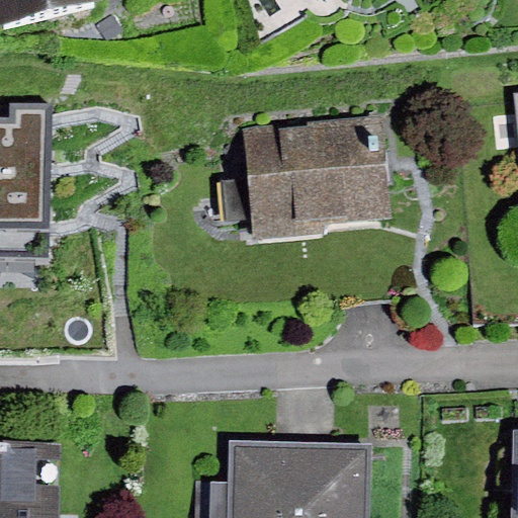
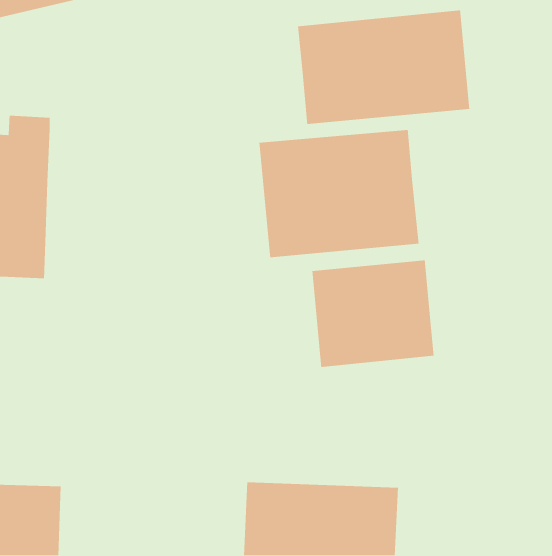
building: none -> [297,9,470,125]
building: none -> [311,260,435,368]

